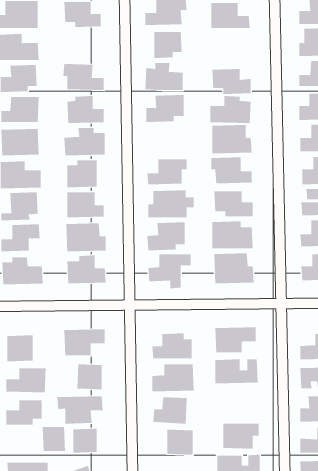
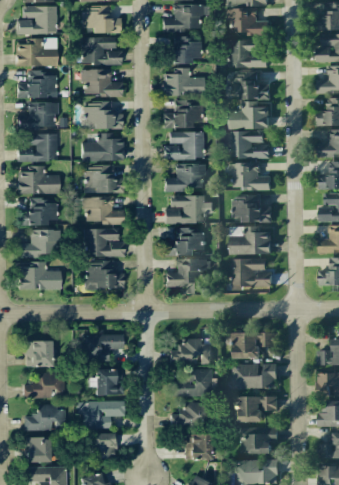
building: none -> [82,37,123,65]
building: none -> [227,40,268,67]
building: none -> [165,131,205,160]
building: none -> [236,396,278,423]
building: [42,426,66,452] -> [27,437,51,462]

